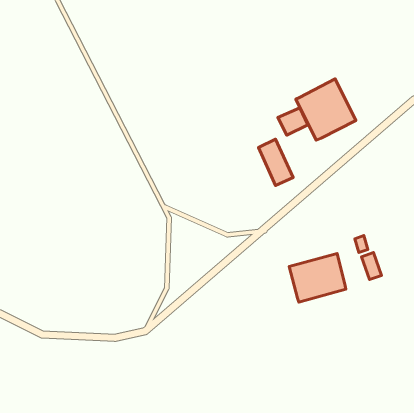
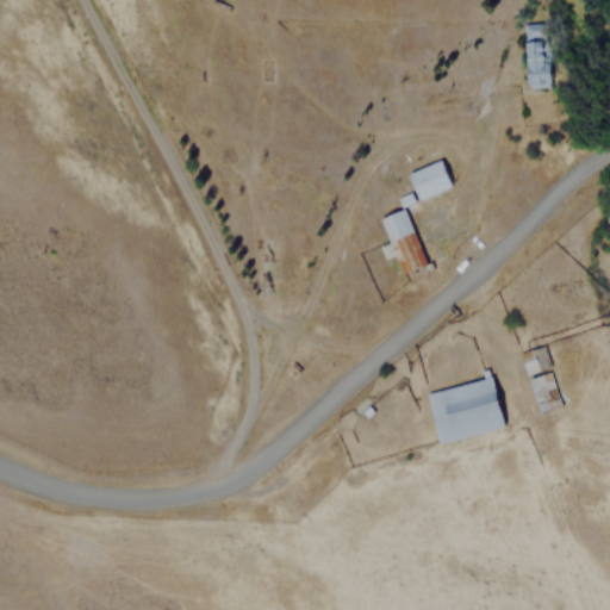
building: none -> [521,38,553,87]
building: [296,79,356,140] -> none

